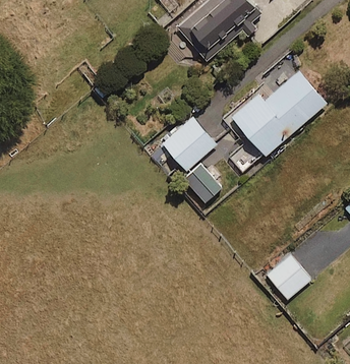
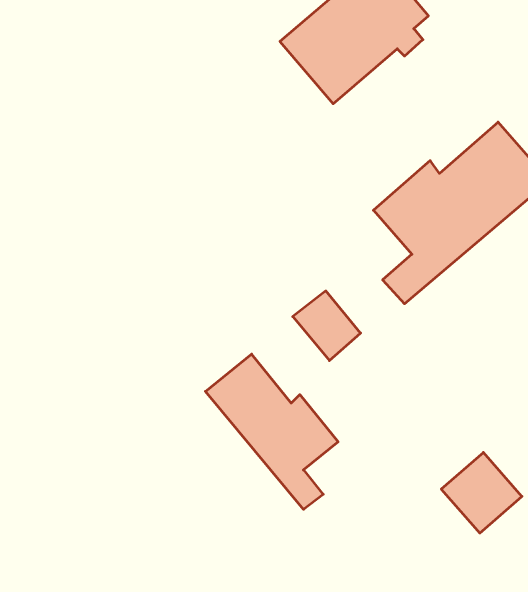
building: [161,116,217,171] -> none
building: none -> [205,354,338,509]

